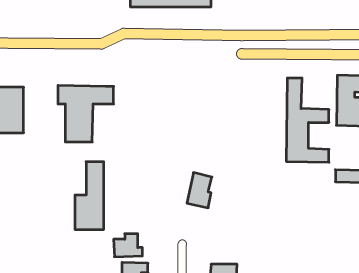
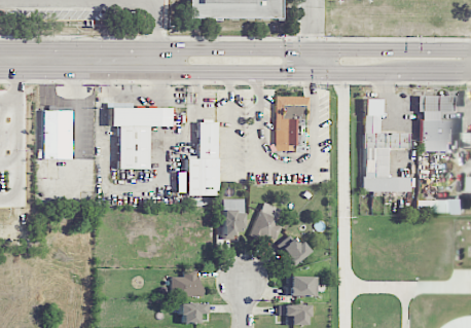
building: none -> [276,96,307,150]
building: [75,162,104,229] -> [186,120,218,195]
building: none -> [223,198,245,239]
building: none -> [277,234,310,267]
building: none -> [287,276,318,296]

